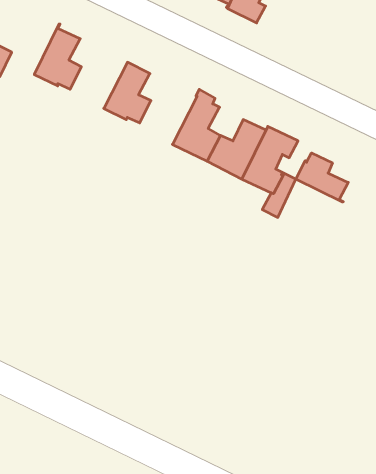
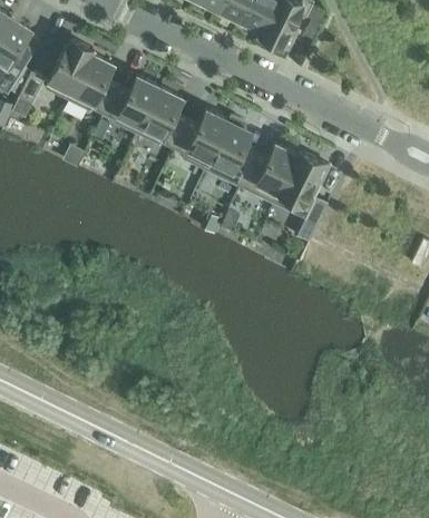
building: none -> [47,39,94,100]
building: none -> [105,77,162,134]
building: none -> [174,110,231,169]
building: [296,153,348,202] -> none

